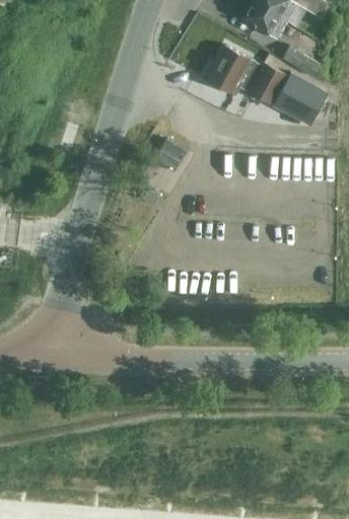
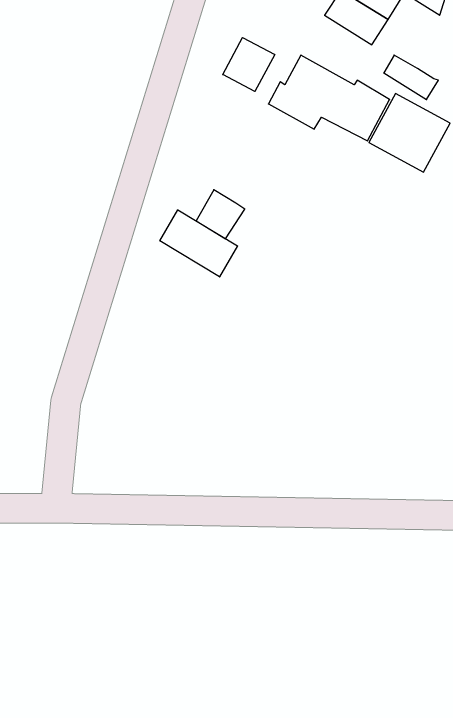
building: none -> [223,38,275,91]
building: none -> [160,210,238,277]

